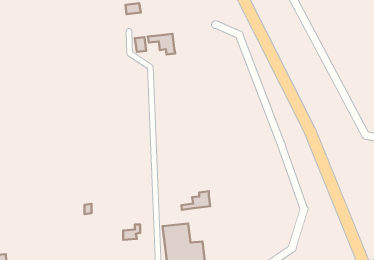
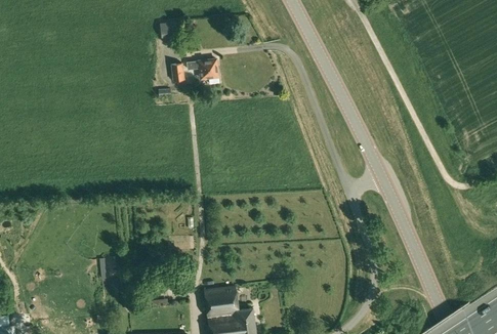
building: [181,191,210,210] -> none

